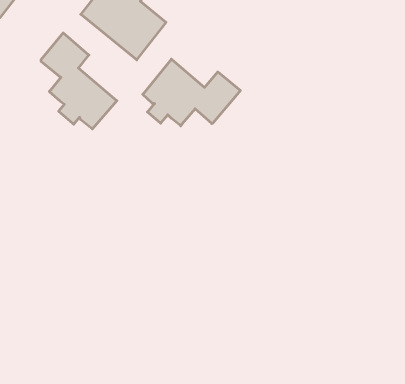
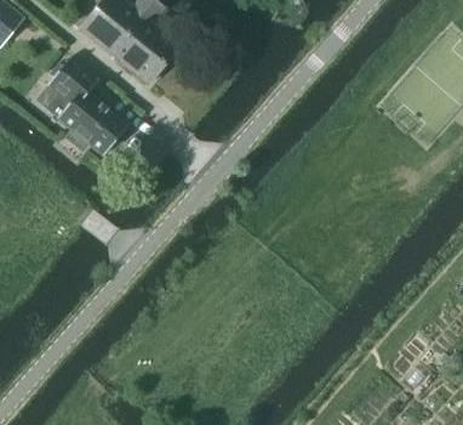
building: [143,59,240,126] -> none

